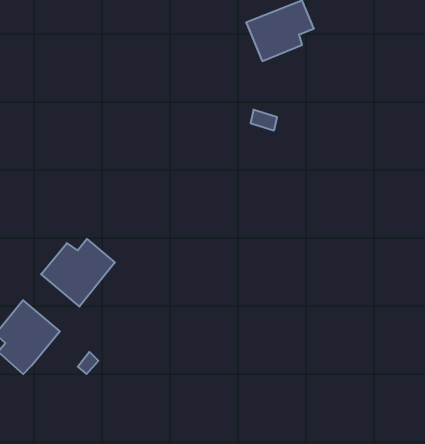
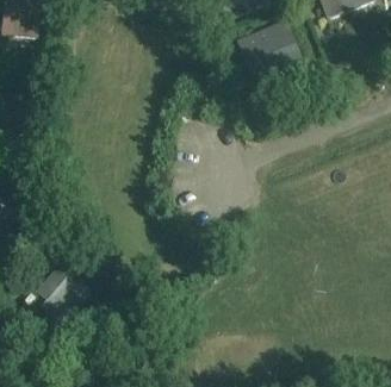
building: [41,239,115,307] -> none

